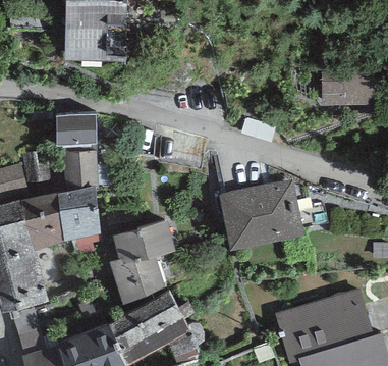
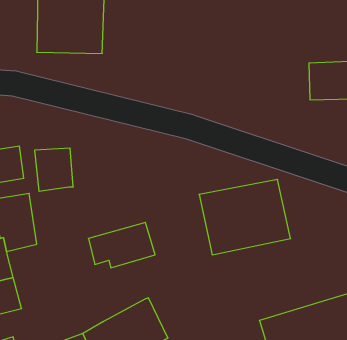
building: [56,113,98,146] -> none
building: [57,188,101,242] -> none
building: [110,257,167,315] -> none

